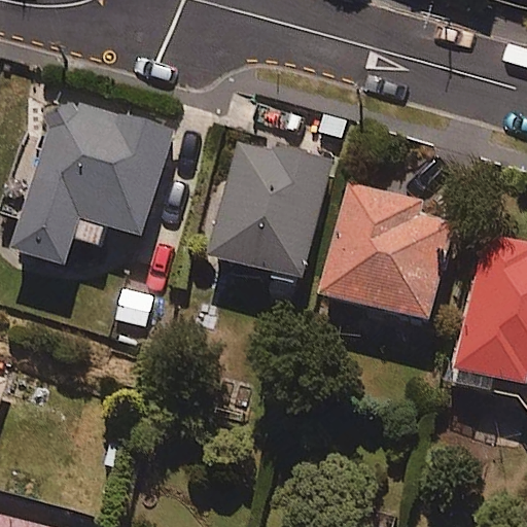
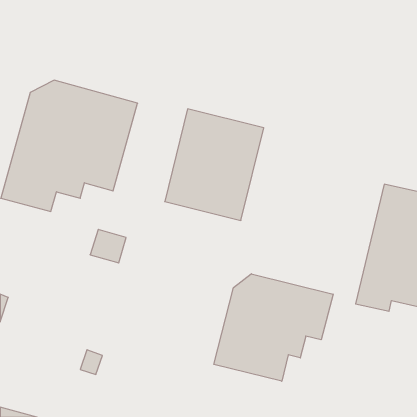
building: [319,179,454,322] -> none
building: none -> [214,274,333,381]

